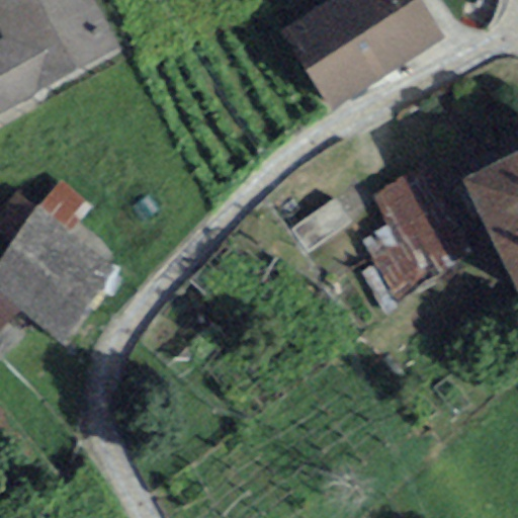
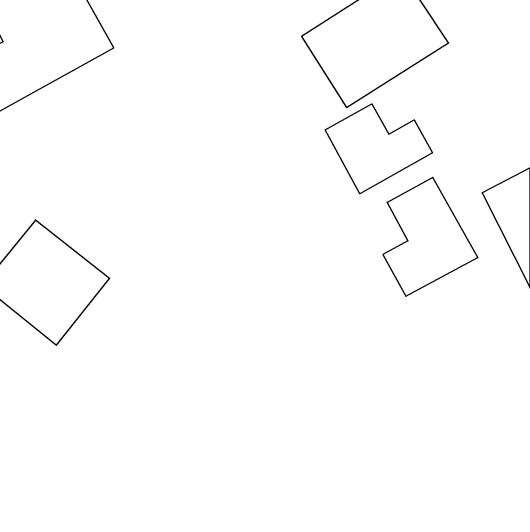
building: none -> [325,104,432,194]

